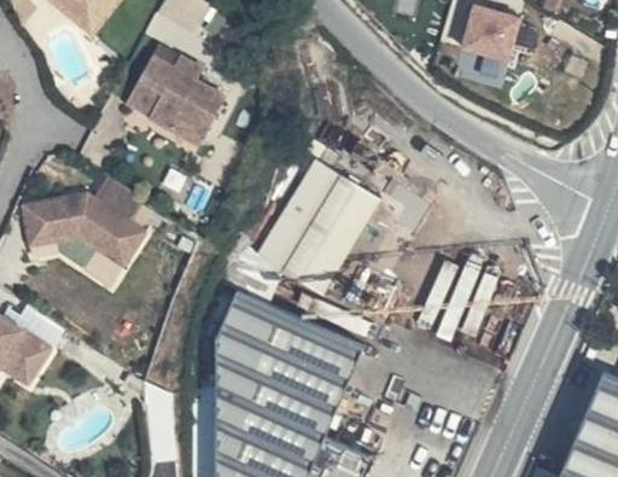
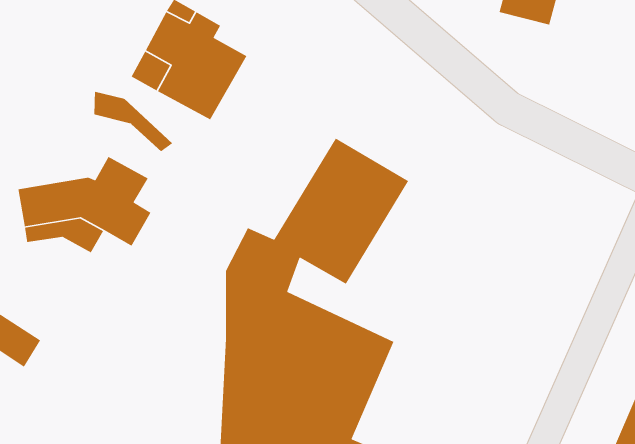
building: none -> [94,91,173,152]

